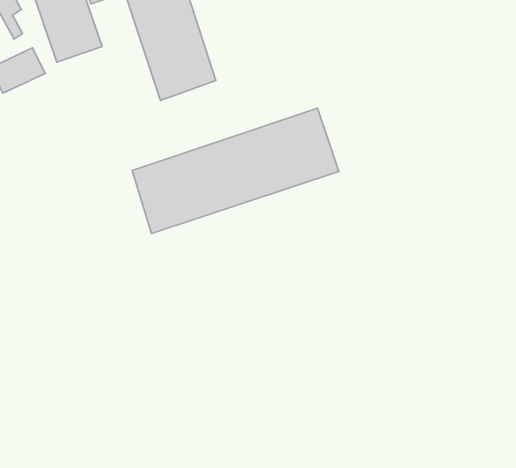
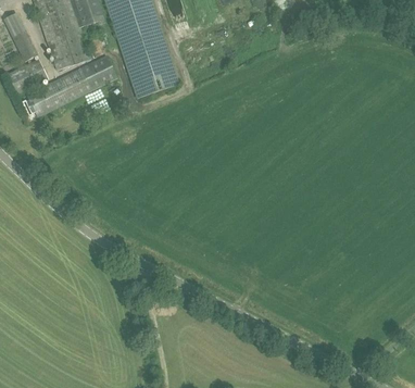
building: none -> [27,55,117,116]
building: [132,108,339,233] -> none

